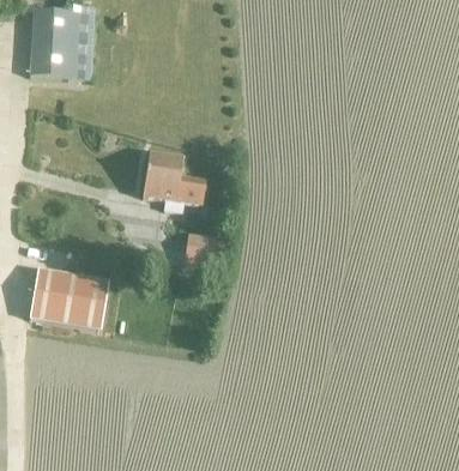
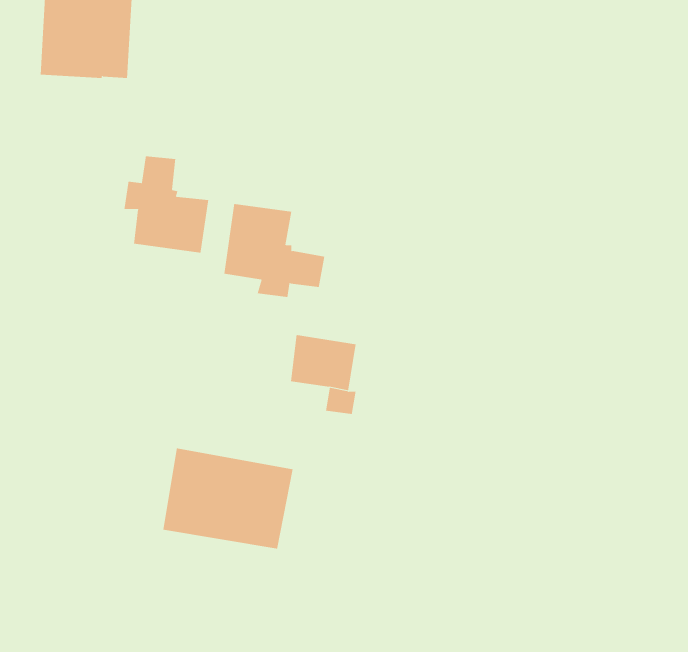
building: none -> [124,156,209,254]
building: [29,266,109,328] -> [162,448,293,549]

